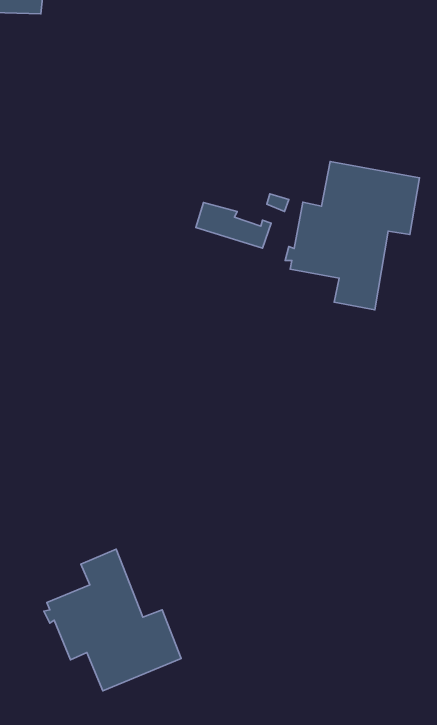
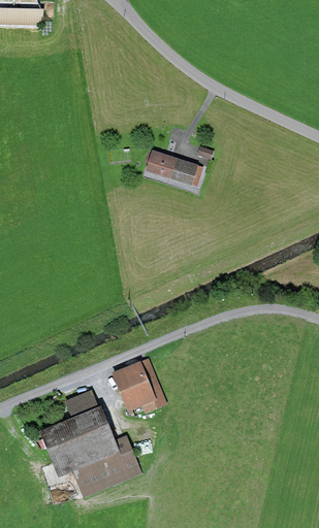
building: [285,161,420,310] -> none
building: none -> [117,362,164,409]

